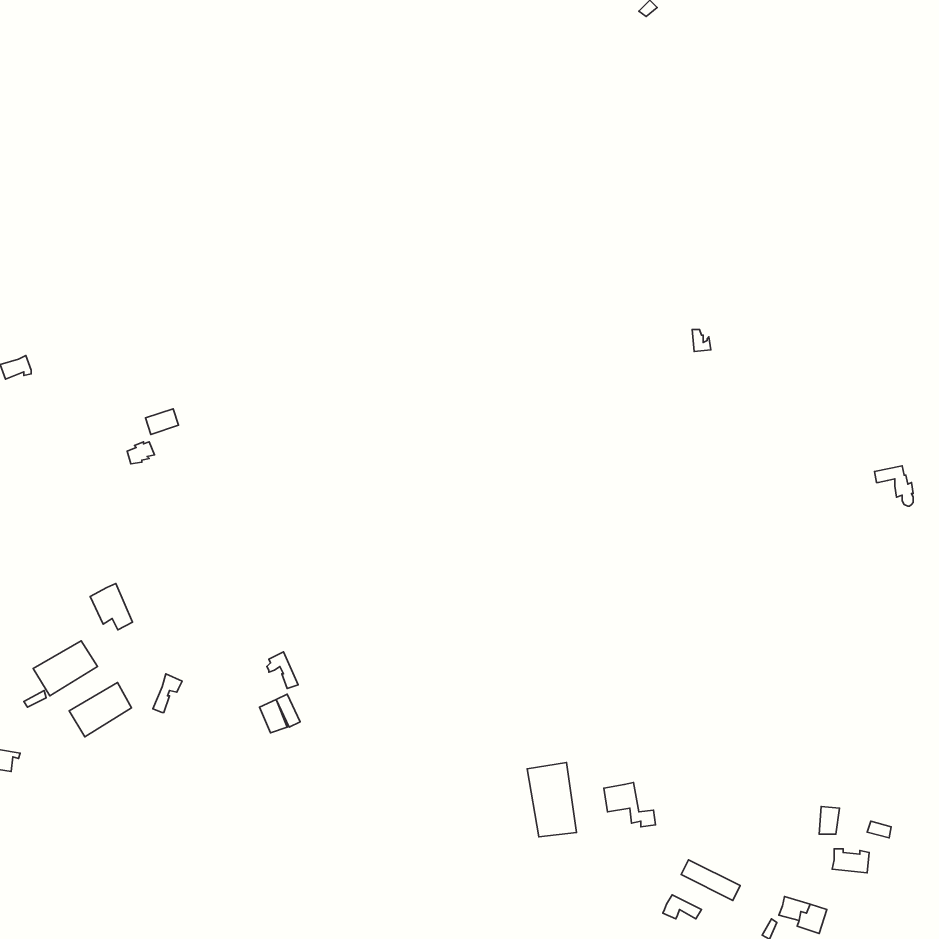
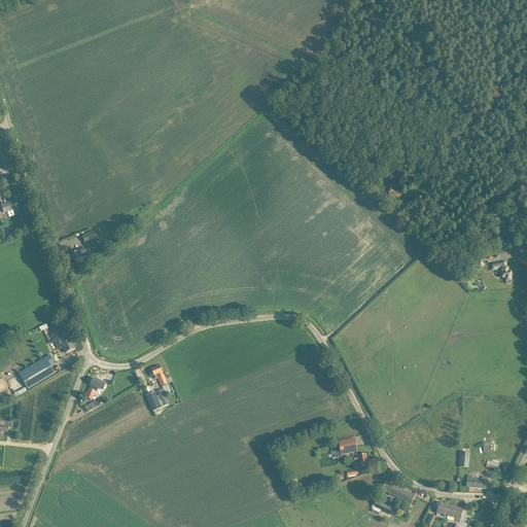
building: [69,683,132,737] -> none
building: [527,763,576,837] -> none

